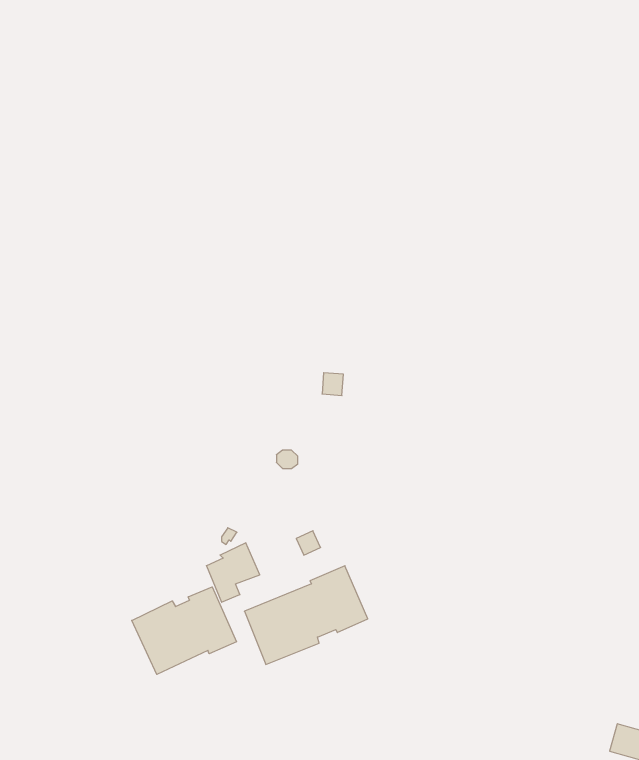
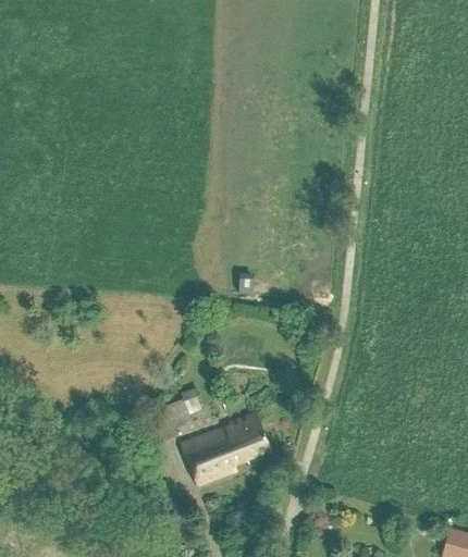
building: [132,587,237,674] -> none

